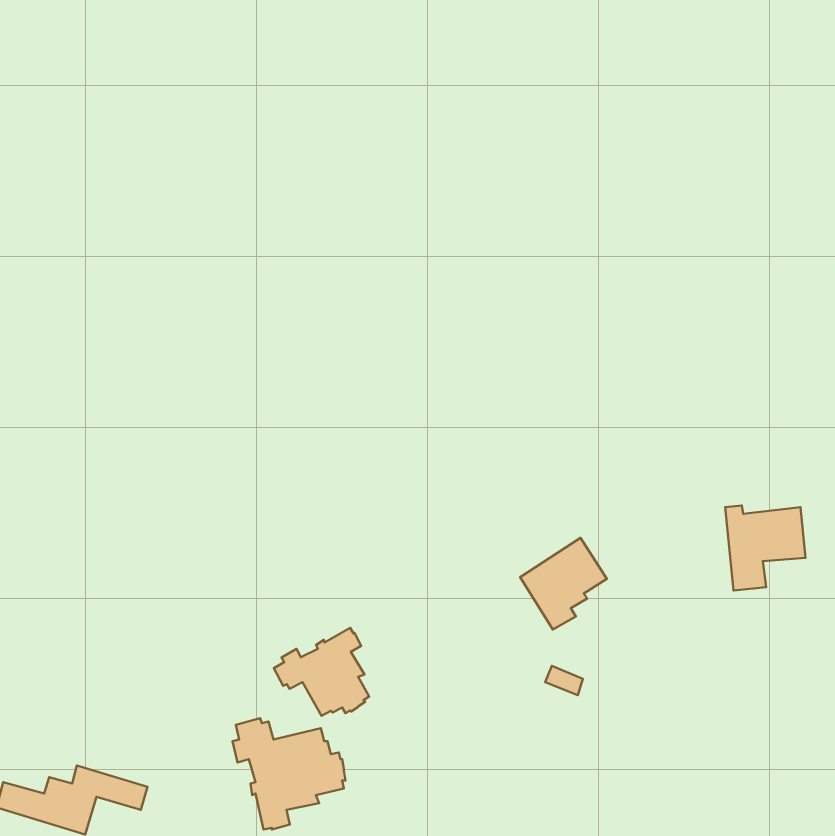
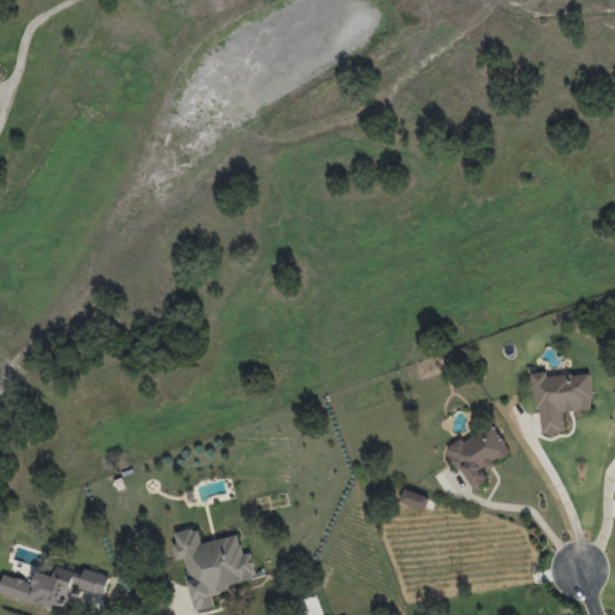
building: [520,538,607,629] -> [446,422,509,489]
building: [274,628,369,716] -> none

